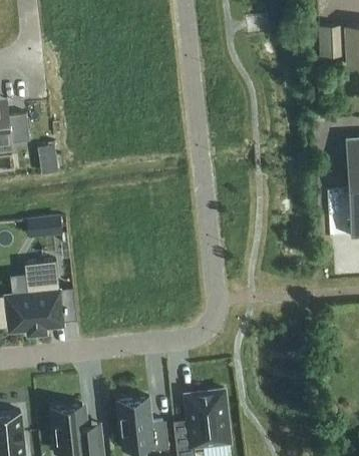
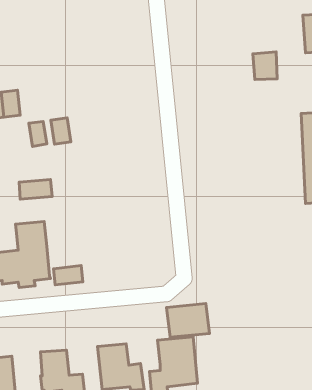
building: [318,24,345,55] -> [253,52,277,80]
building: none -> [51,118,71,144]
building: none -> [53,266,83,285]
building: none -> [167,304,209,337]

